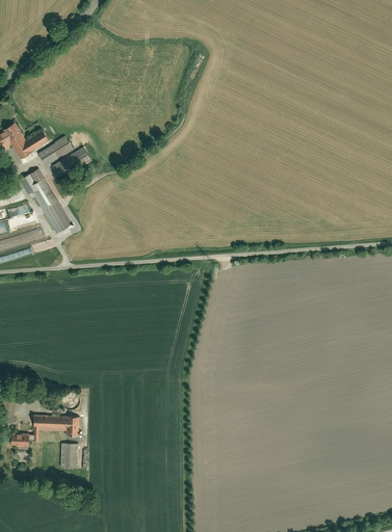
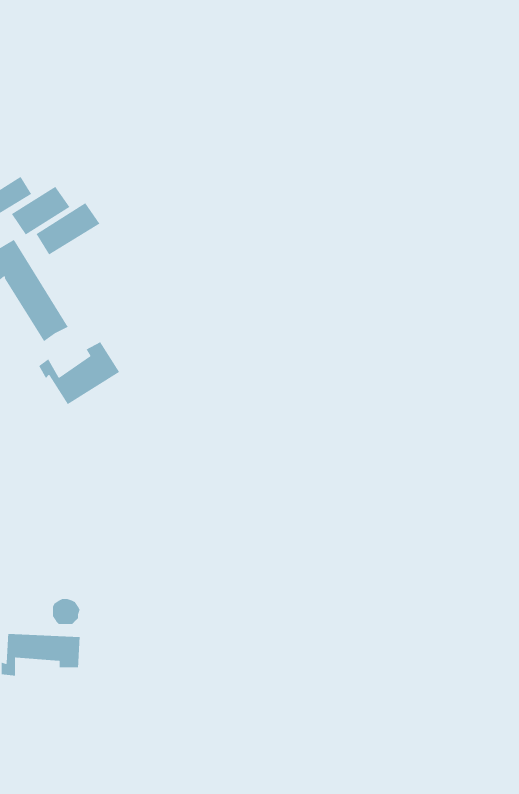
building: none -> [38,341,120,405]
building: [60,444,78,468] -> none

